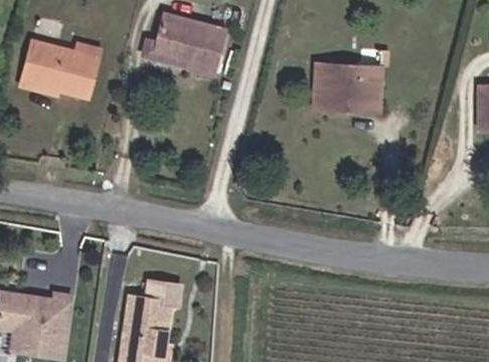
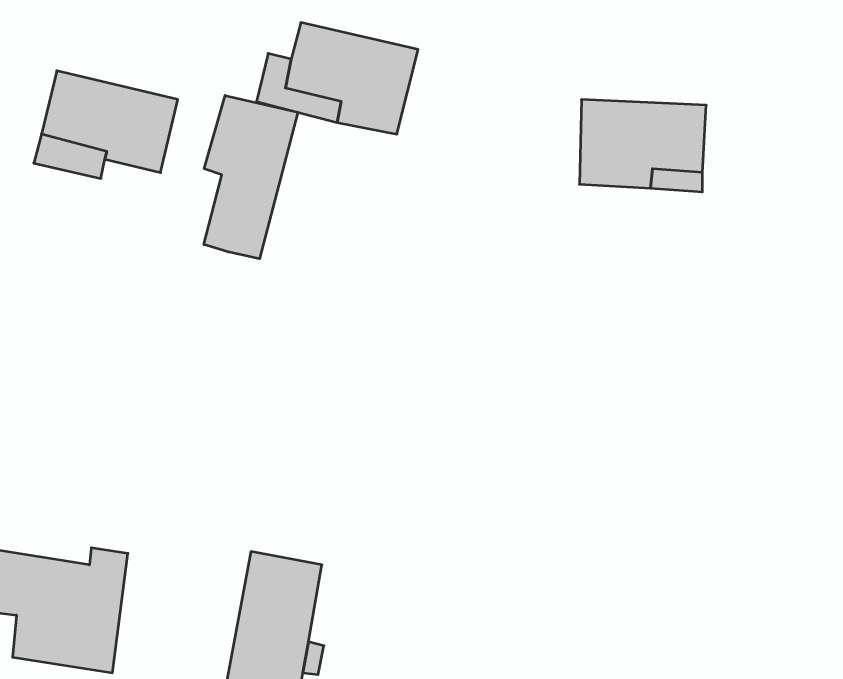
building: none -> [204,95,298,259]

